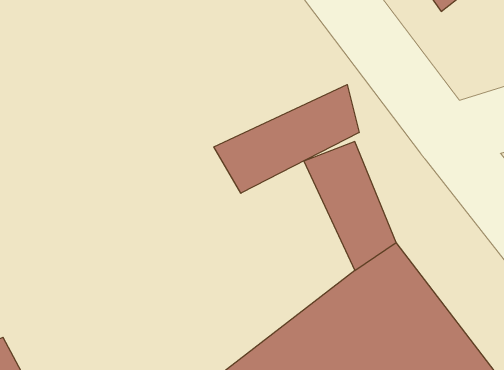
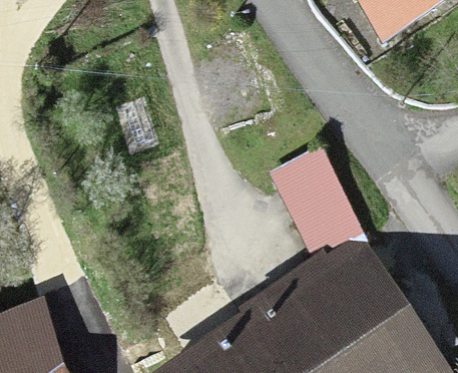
building: [214,85,359,193] -> none

